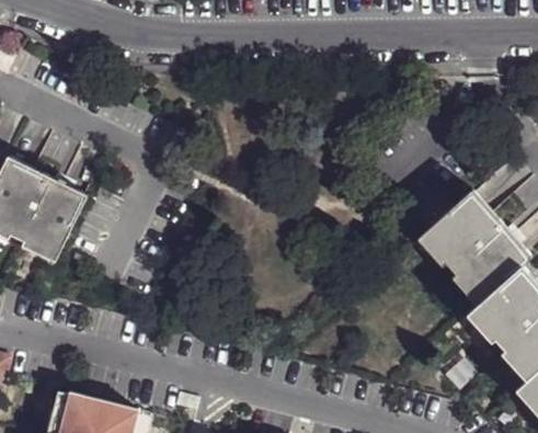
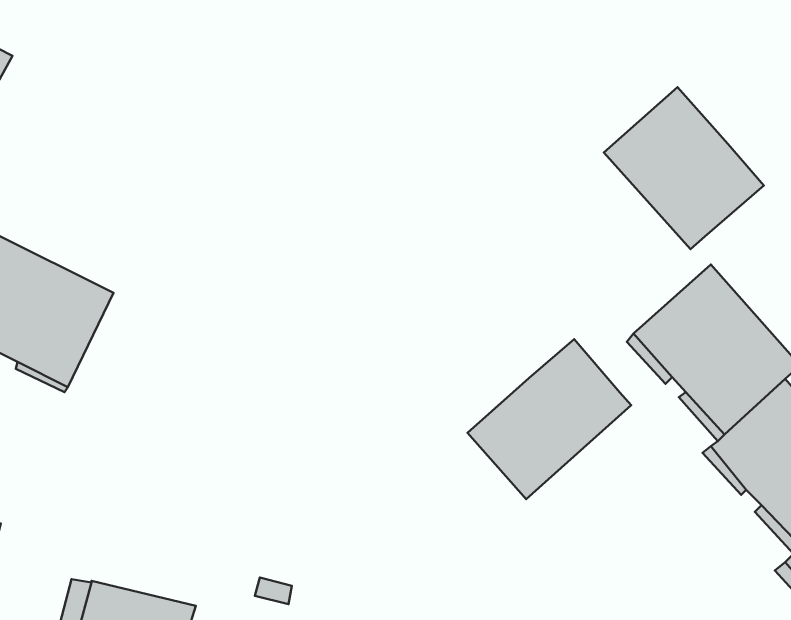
building: none -> [604,87,764,249]
building: none -> [468,339,631,499]

